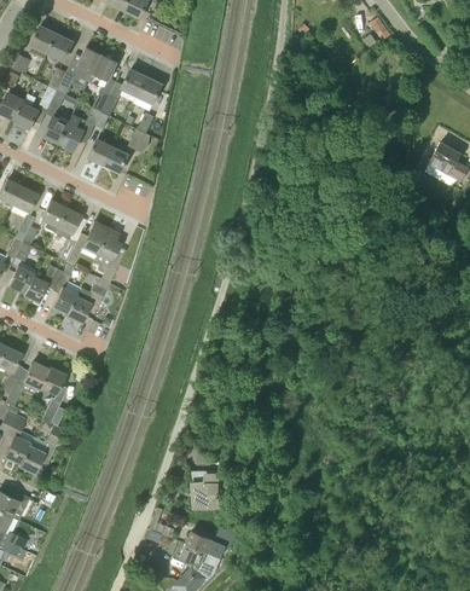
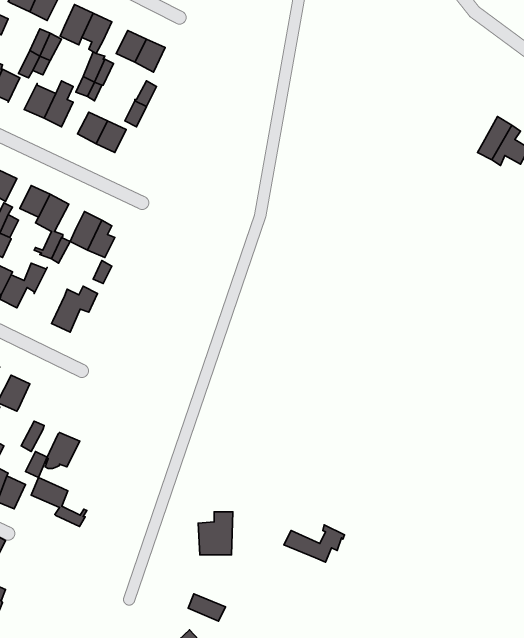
building: [52,270,77,314] -> none
building: [37,366,66,396] -> [45,432,80,468]
building: none -> [31,477,87,526]
building: [186,527,237,558] -> [284,525,344,562]

